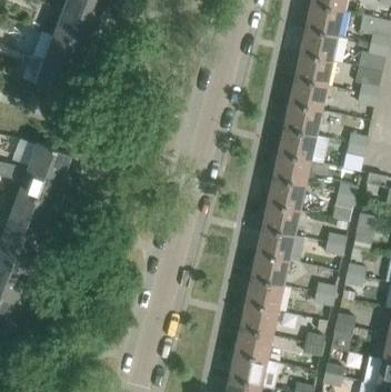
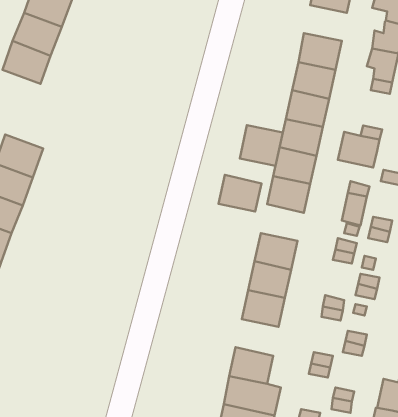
building: [299,29,337,60] -> none
building: none -> [240,125,283,166]
building: [261,203,299,235] -> [219,175,262,211]
building: [239,304,277,336] -> none

